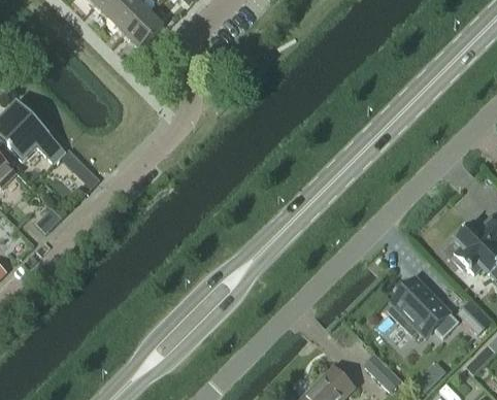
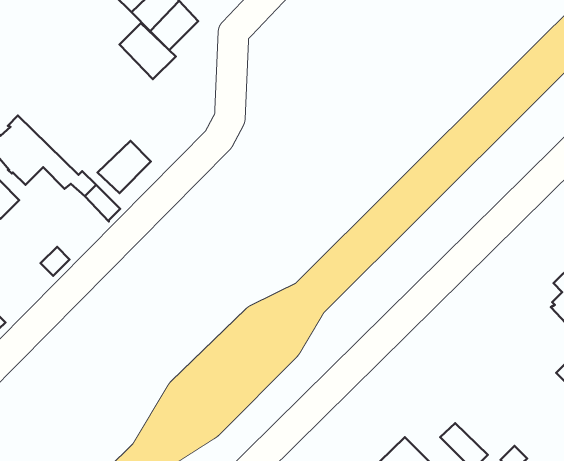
building: none -> [120,23,176,79]
building: none -> [97,141,151,193]
building: [390,277,458,336] -> none

